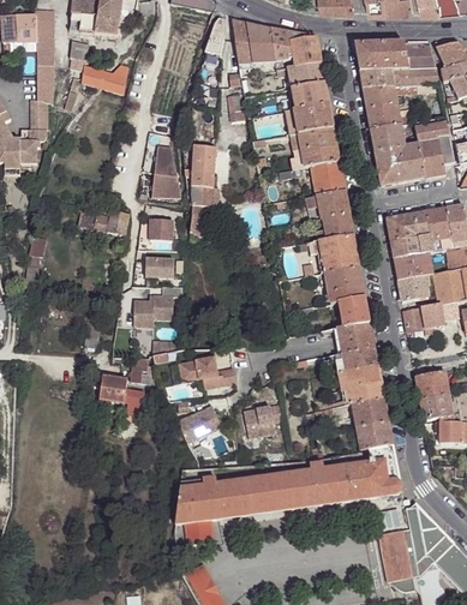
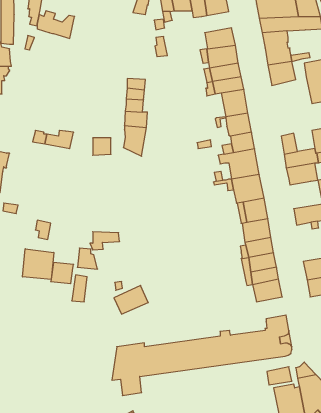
building: [287,61,324,88] -> none
building: [375,143,425,185] -> none
building: [149,145,179,198] -> none
building: [402,210,429,236] -> none
building: [146,258,175,277] -> none
building: [397,274,427,300] -> none
building: [136,294,174,325] -> none
building: [178,355,234,387] -> none
building: none -> [23,249,54,279]
building: [244,403,281,436] -> none
building: [355,419,393,448] -> none

